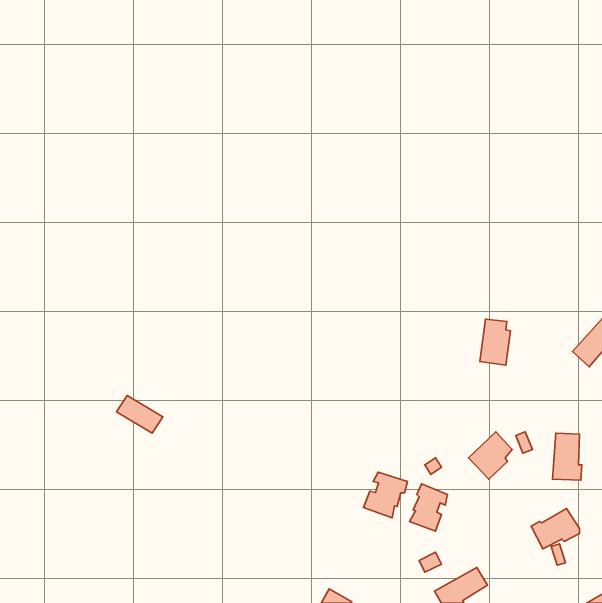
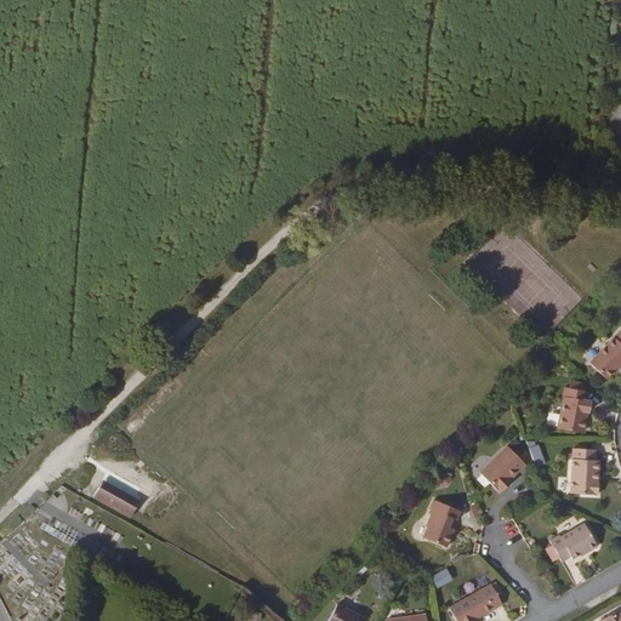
building: [480,319,510,365] -> [558,386,589,433]
building: [117,395,163,433] -> [95,479,142,518]
building: [364,472,408,518] -> none

